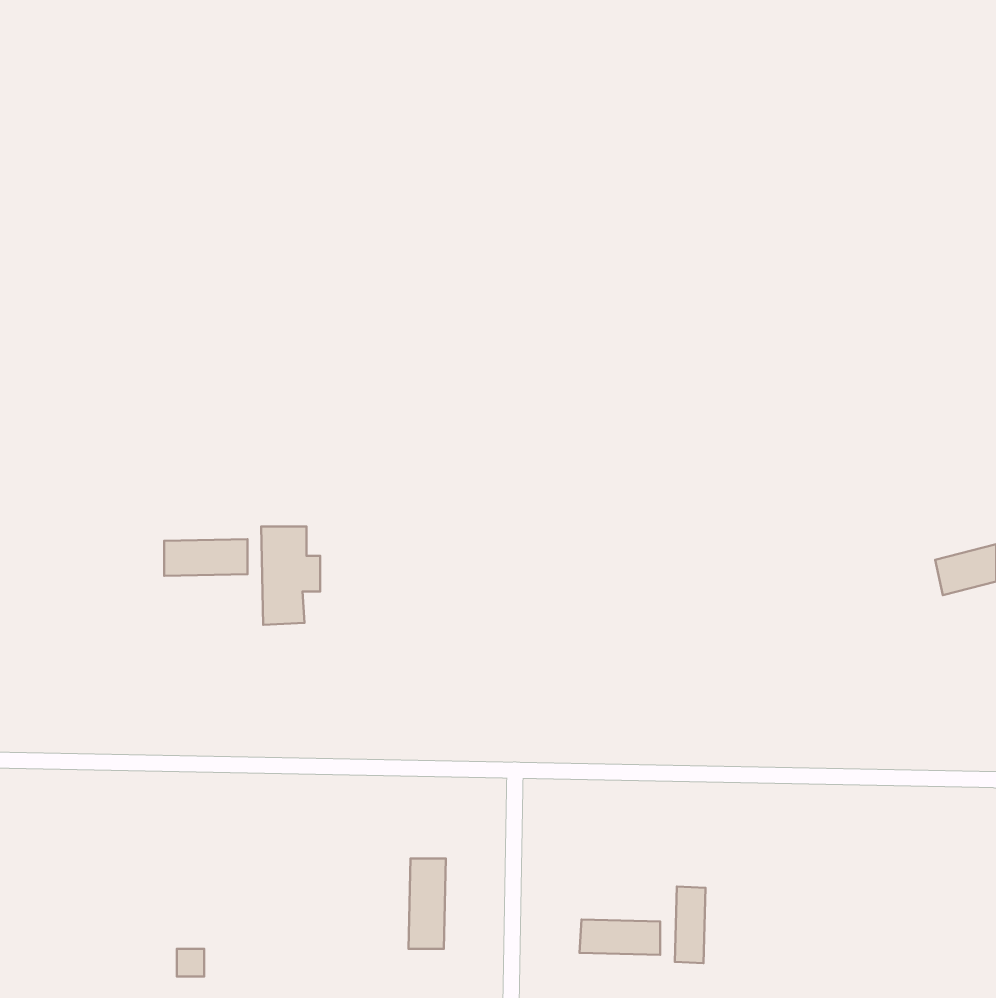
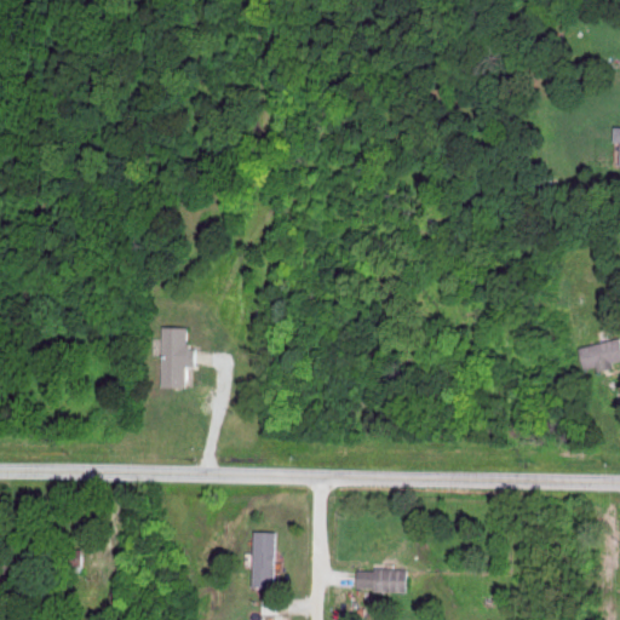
building: [164,539,247,576] -> none
building: [675,887,705,963] -> none

